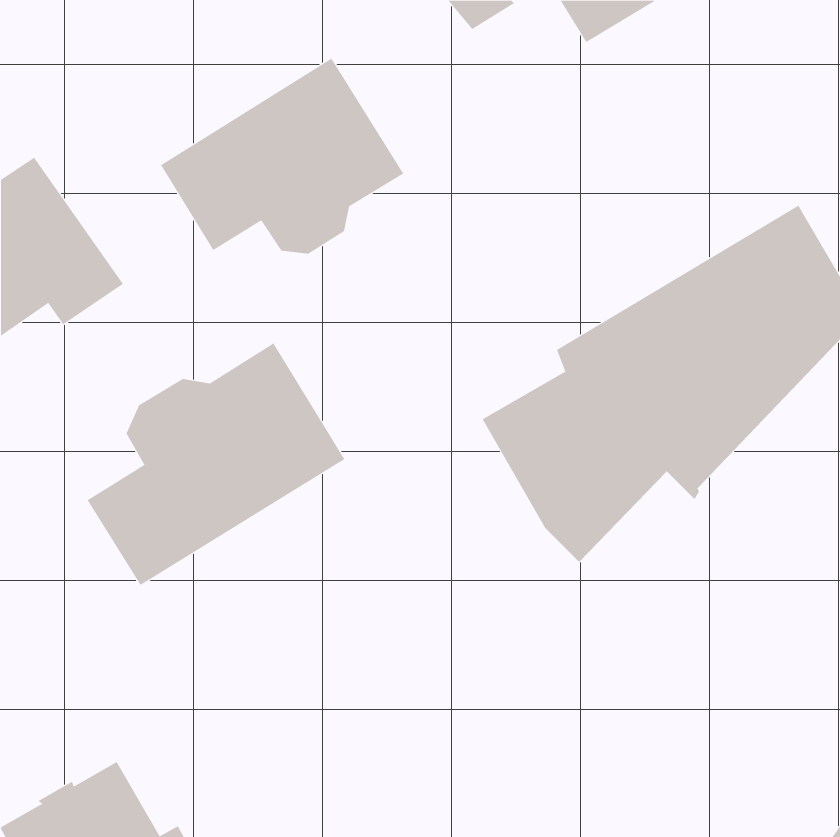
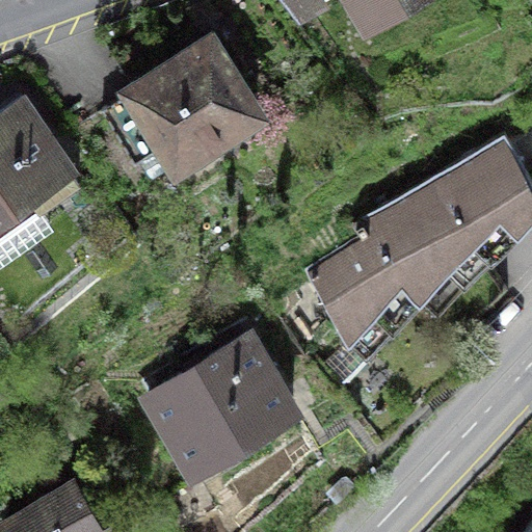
building: [87,343,345,586] -> none
building: none -> [150,334,293,469]

